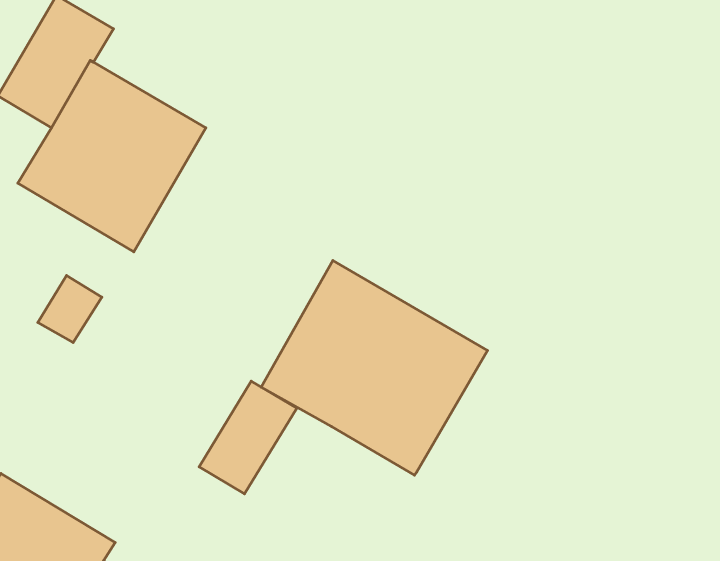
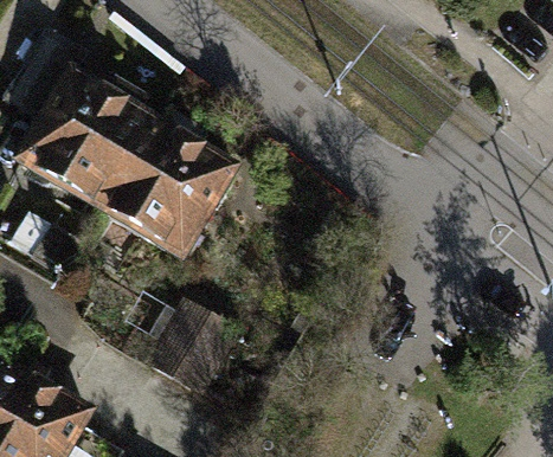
building: none -> [103,122,234,257]
building: [261,260,487,475] -> none

